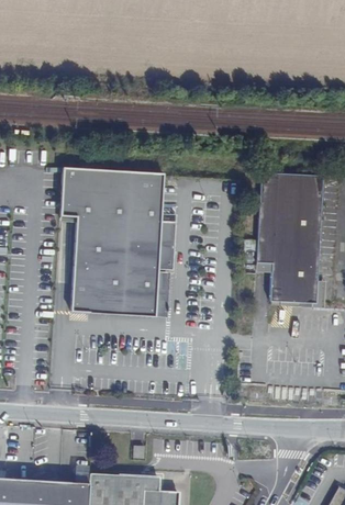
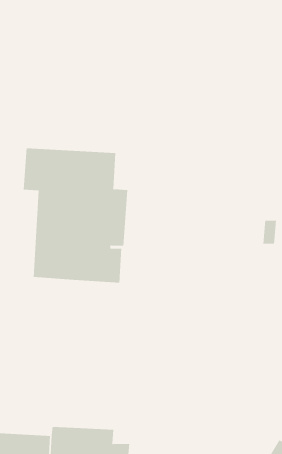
building: [255,171,324,307] -> none

